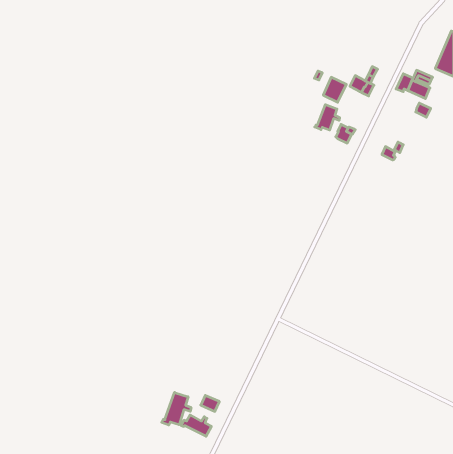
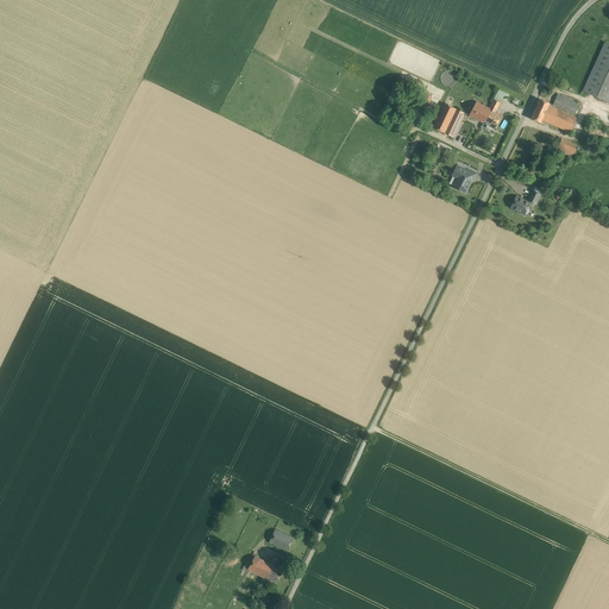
building: [315,105,340,130] -> none
building: [162,392,191,425] -> none

